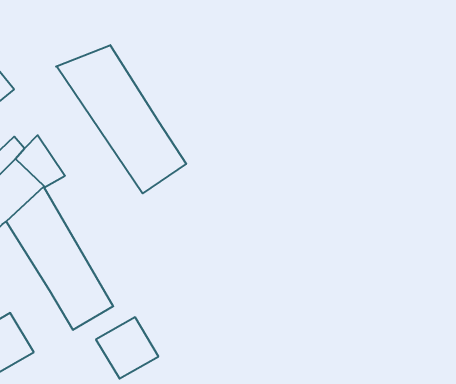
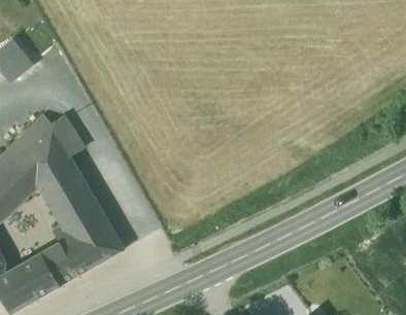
building: [56,45,186,193] -> none
building: [96,317,158,379] -> [40,237,90,285]

